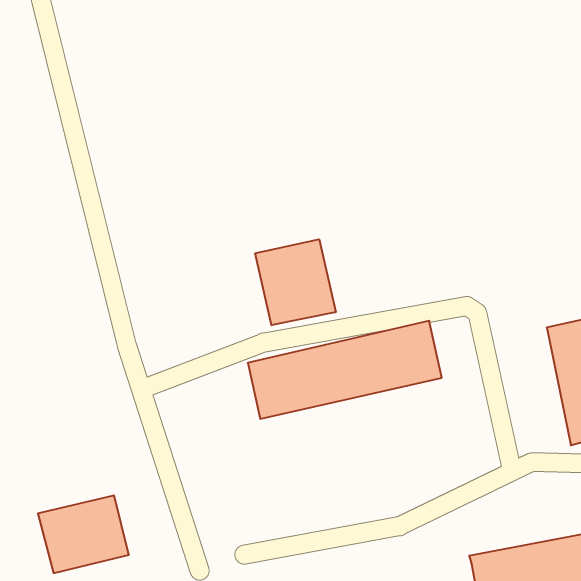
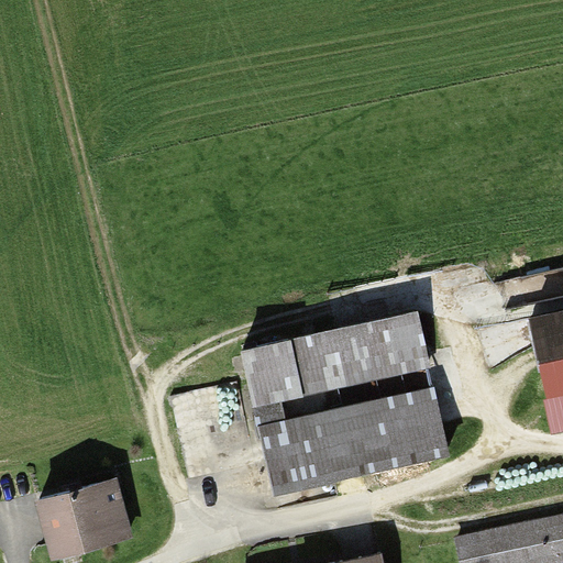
building: [255,239,336,325] -> none
building: none -> [258,387,448,492]

